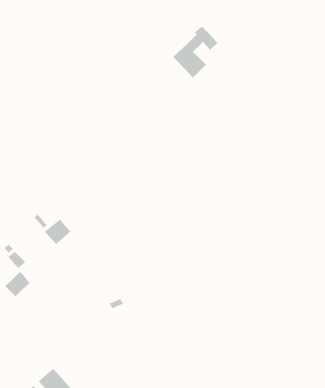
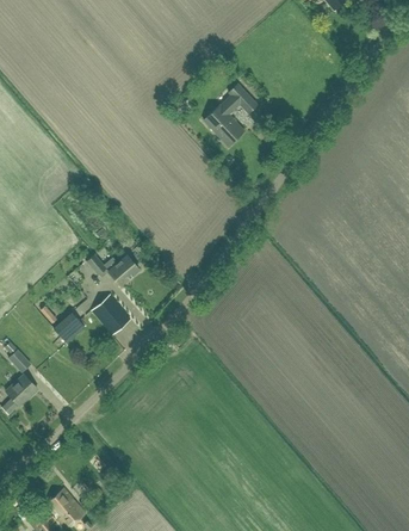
building: none -> [87,255,140,285]
building: none -> [92,295,131,334]

